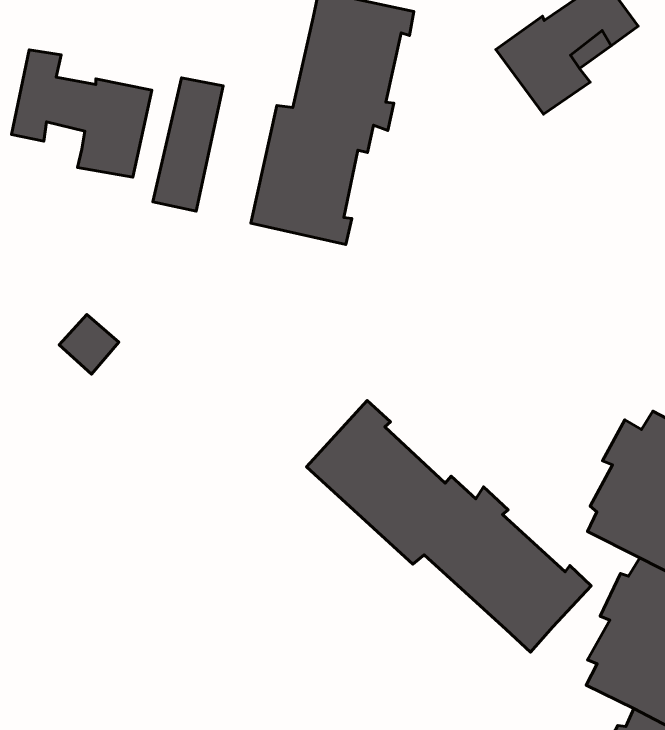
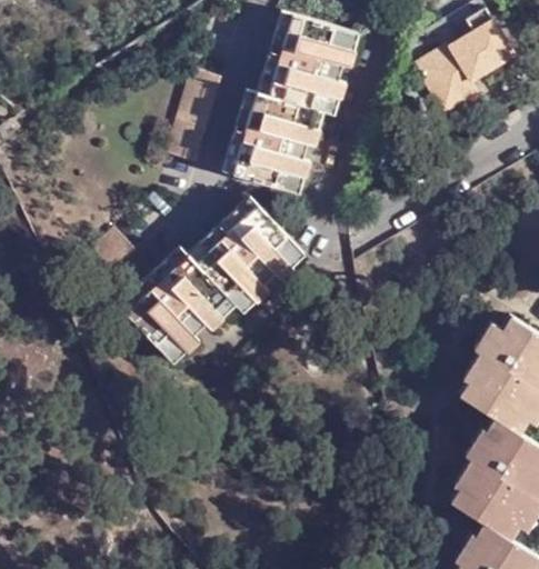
building: [12,50,152,177] -> none
building: none -> [126,201,307,370]
building: [307,401,591,652] -> none

